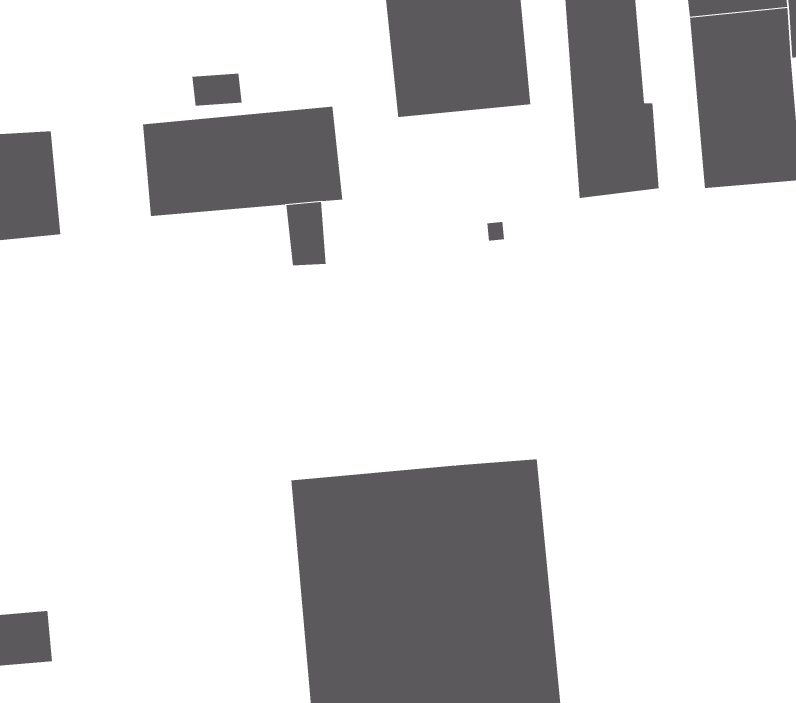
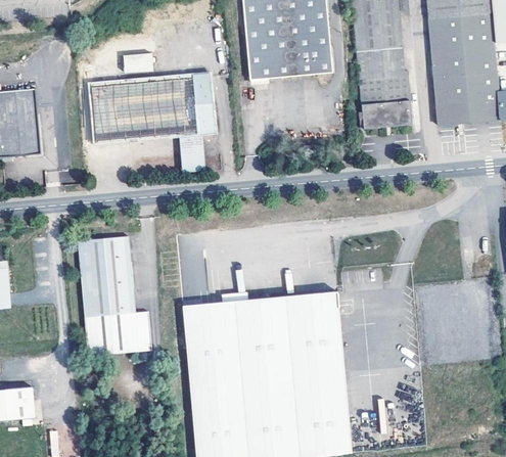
building: none -> [78,235,153,358]

